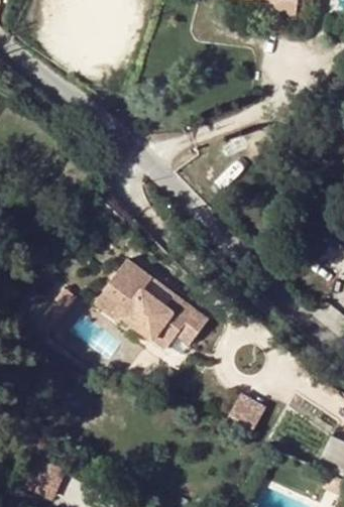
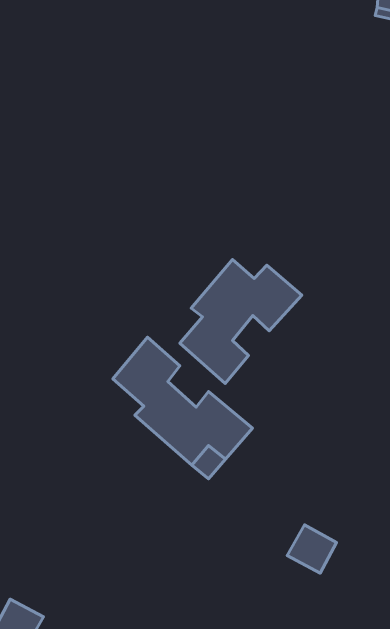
building: none -> [180,260,302,384]

